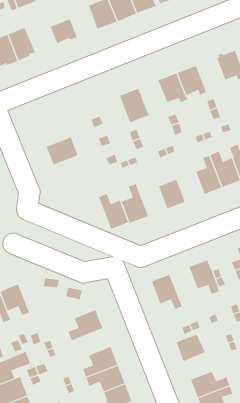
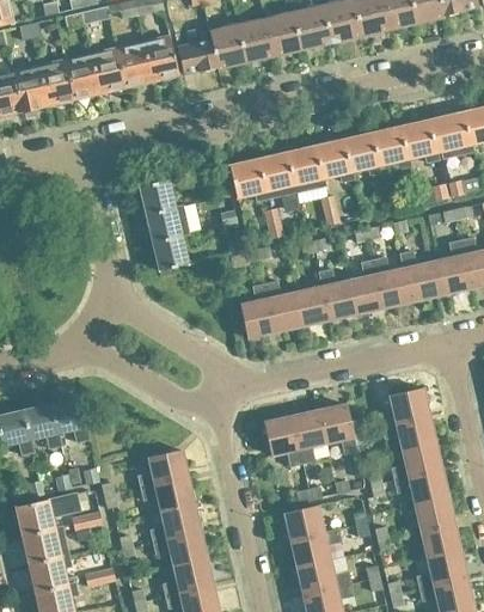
building: none -> [207,26,241,68]
building: none -> [142,36,178,80]
building: none -> [372,126,409,172]
building: none -> [287,145,324,191]
building: none -> [229,158,268,201]
building: none -> [139,178,174,213]
building: none -> [152,234,188,269]
building: none -> [317,268,355,319]
building: [98,193,129,230] -> [263,280,300,331]
building: none -> [290,410,325,464]
building: none -> [140,477,194,512]
building: none -> [290,527,341,567]

